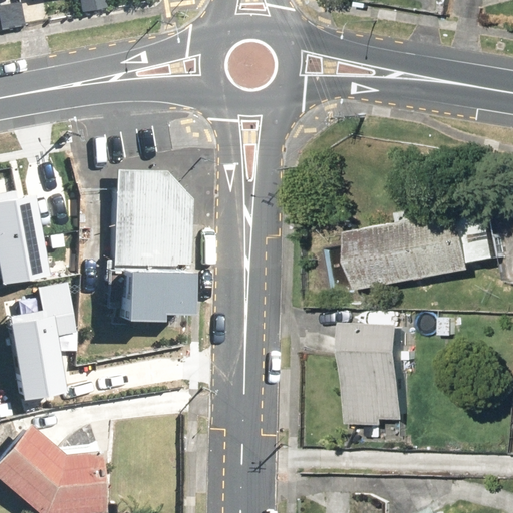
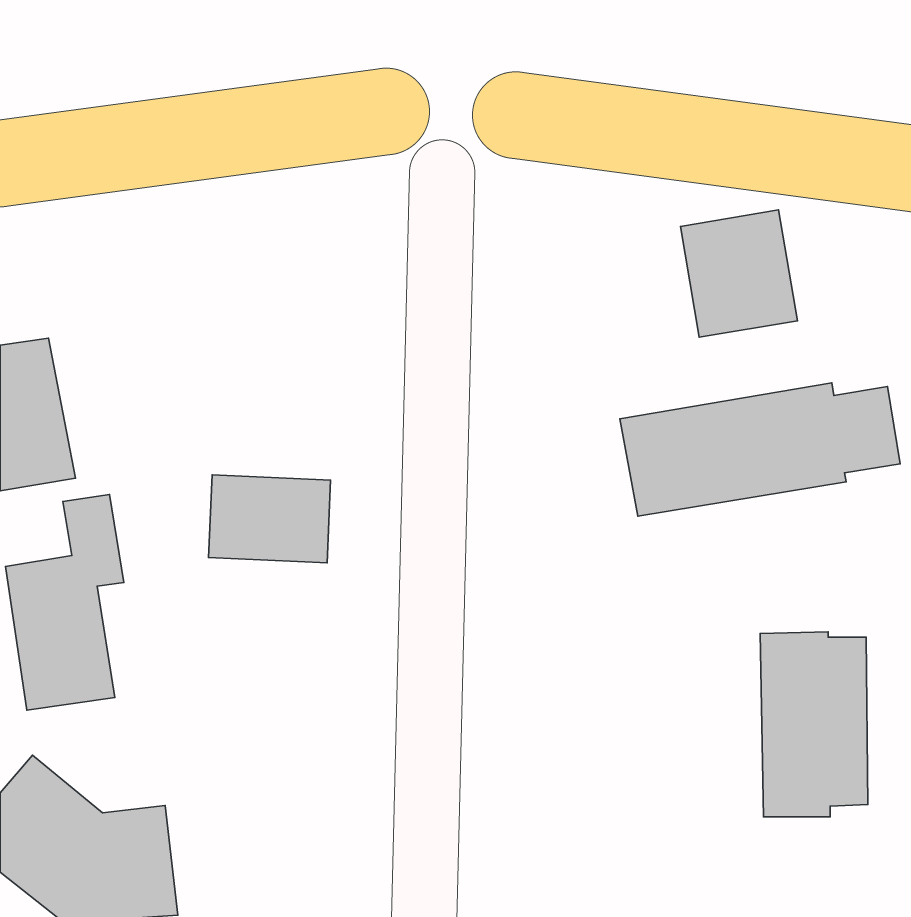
building: none -> [680,210,797,337]
building: [112,166,187,265] -> none
building: [350,324,410,427] -> [760,632,868,817]

